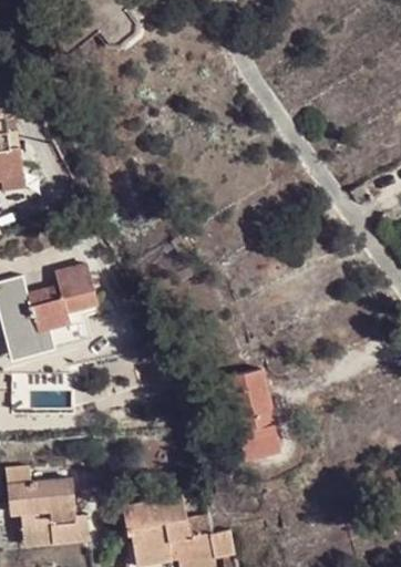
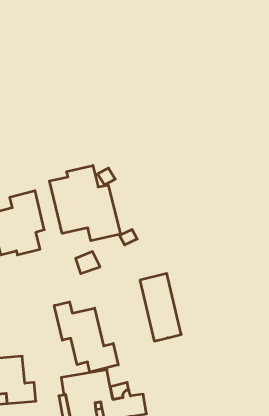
building: none -> [49,165,120,241]
building: none -> [54,302,118,372]

